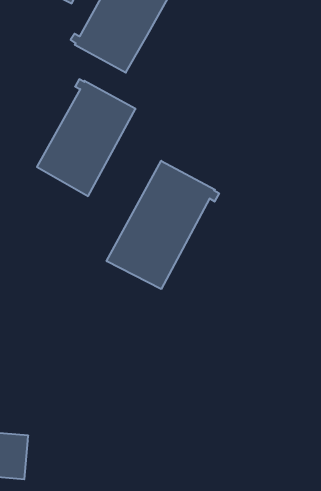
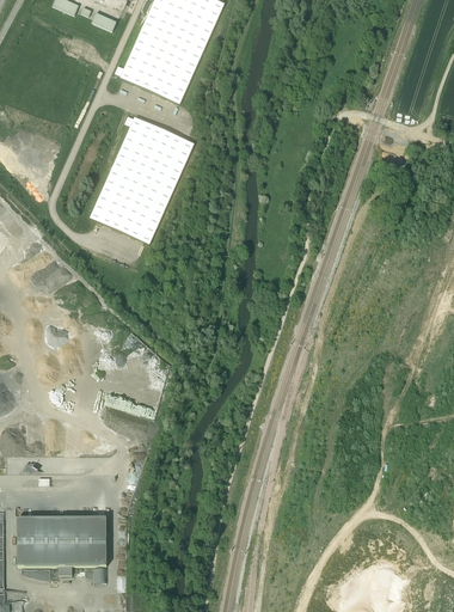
building: [107,161,219,289] -> none

